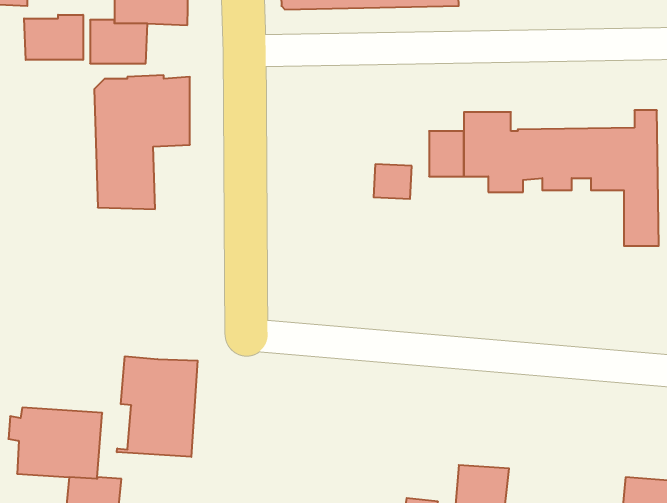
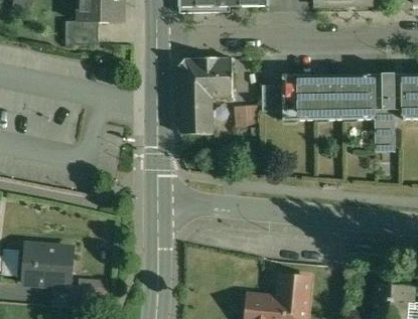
building: [24,15,83,60] -> none
building: [94,75,190,209] -> [178,55,234,133]
building: [117,356,198,457] -> none

